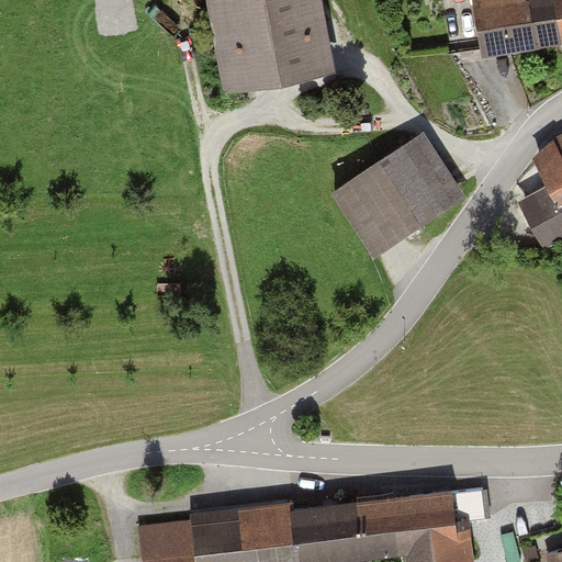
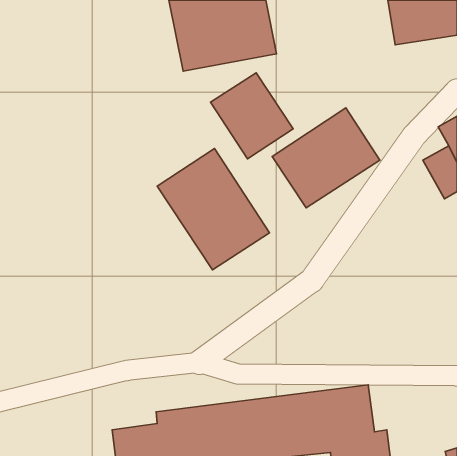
building: none -> [211,73,293,159]
building: none -> [157,149,269,270]

